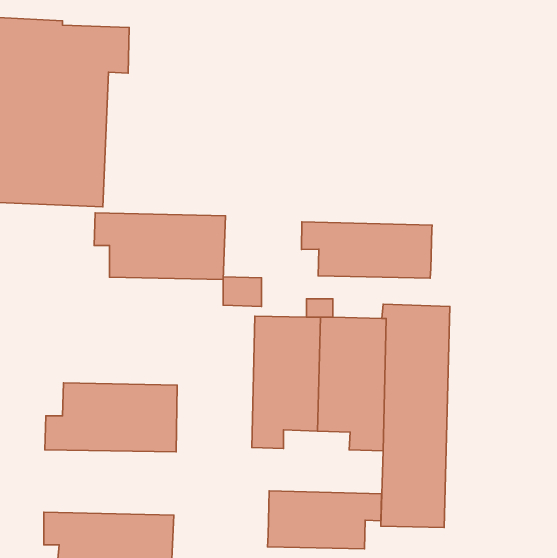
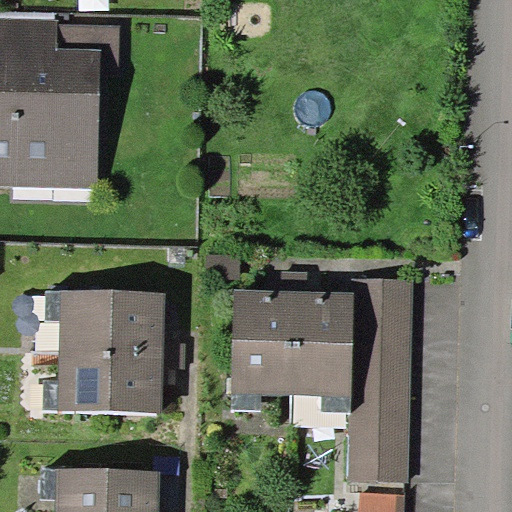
building: [94,213,225,279] -> [44,292,164,353]
building: [301,222,432,278] -> none
building: [267,491,381,549] -> none

